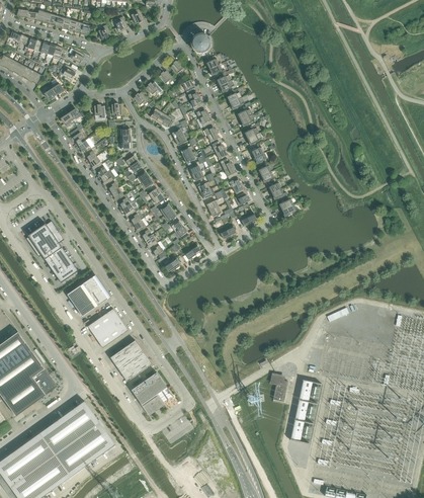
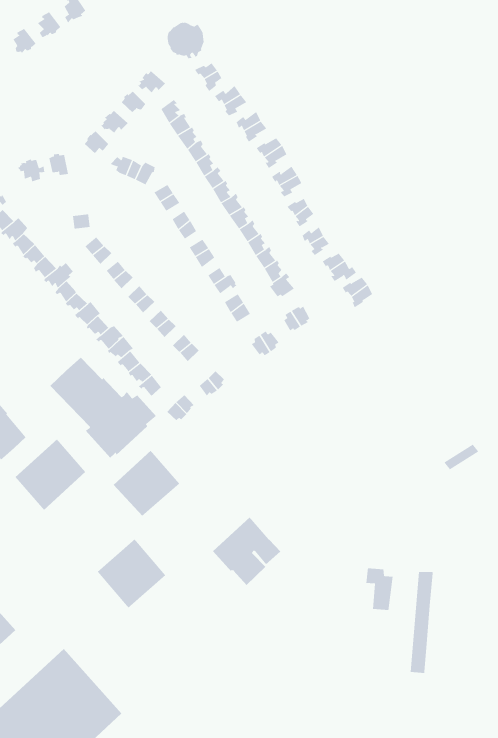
building: none -> [49,357,157,459]
building: [87,309,128,348] -> [113,450,180,517]
building: [131,372,172,414] -> [212,516,281,586]

